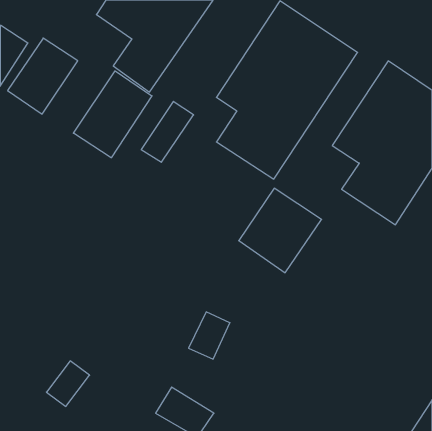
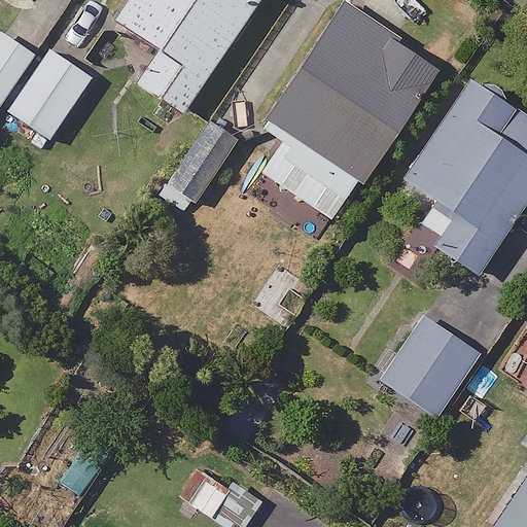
building: [73,71,152,158] -> none
building: [239,188,322,273] -> [381,314,482,417]

